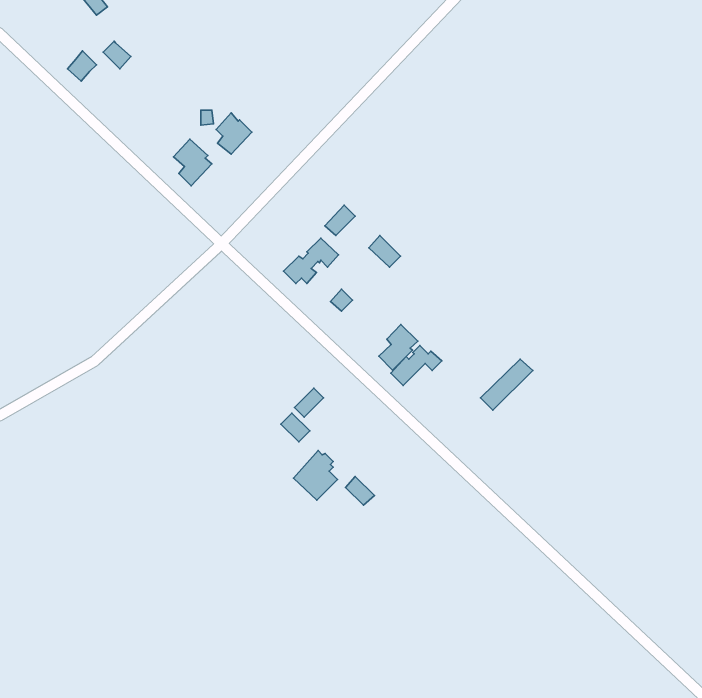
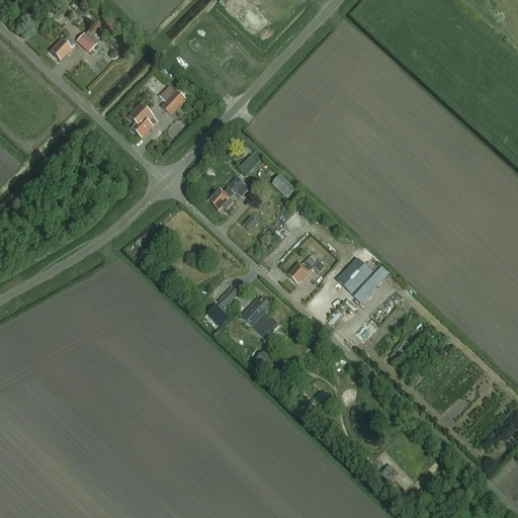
building: [379,324,418,370] -> none
building: none -> [336,257,372,293]
building: [293,451,337,500] -> [240,295,272,332]

